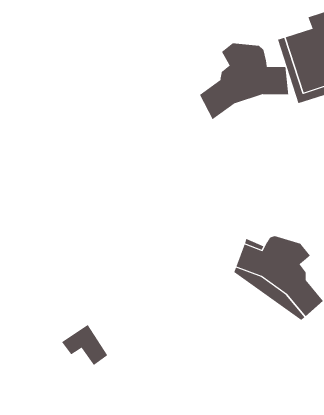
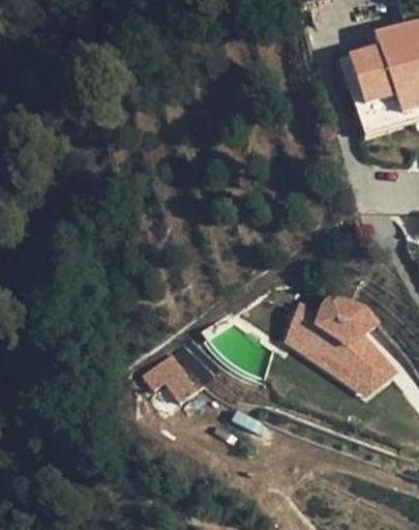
building: [199,42,289,120] -> none
building: [61,324,108,366] -> [143,350,199,400]

